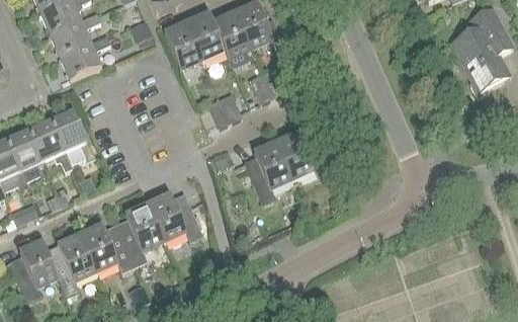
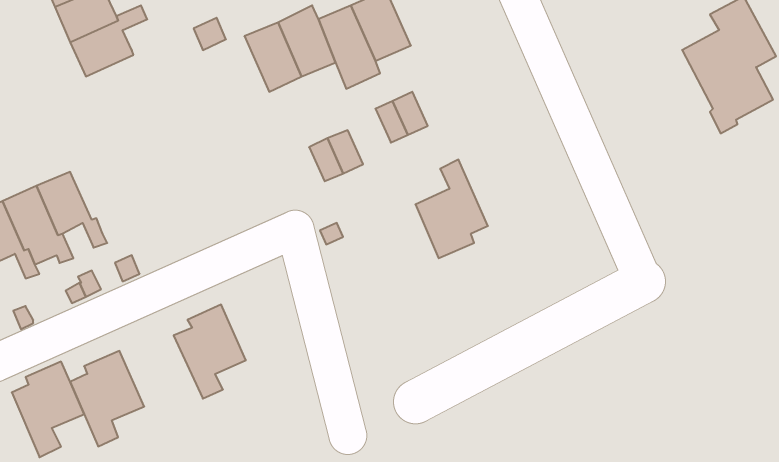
building: [60,32,110,79] -> none
building: [50,108,96,160] -> none
building: [244,141,291,203] -> none
building: [149,195,204,243] -> none
building: [82,227,137,274] -> none

